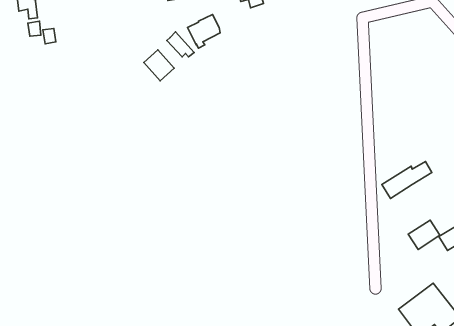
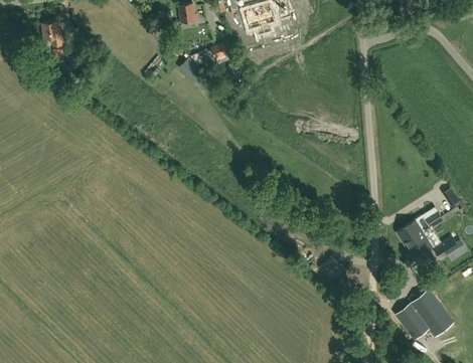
building: [144,50,174,81] -> none
building: [382,162,432,199] -> [397,210,443,244]

